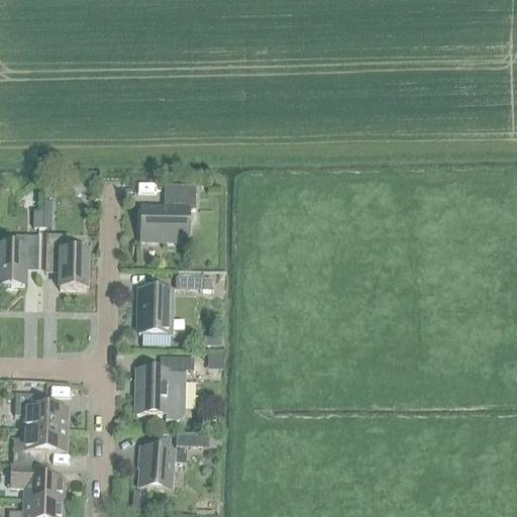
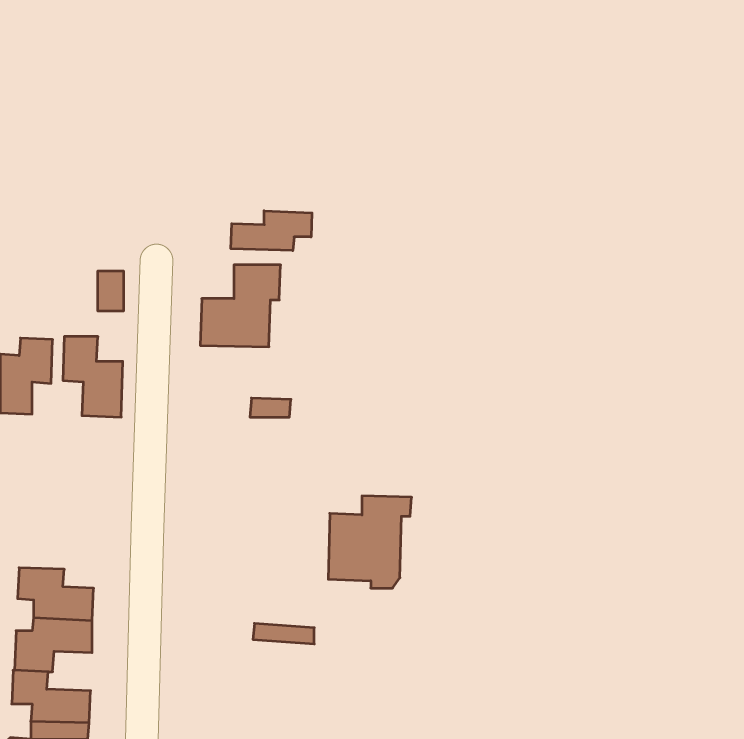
building: none -> [231,211,312,251]
building: [35,199,54,226] -> [98,271,124,311]
building: [138,286,171,332] -> none
building: [136,354,194,418] -> [328,496,412,588]
building: [138,445,186,488] -> none

